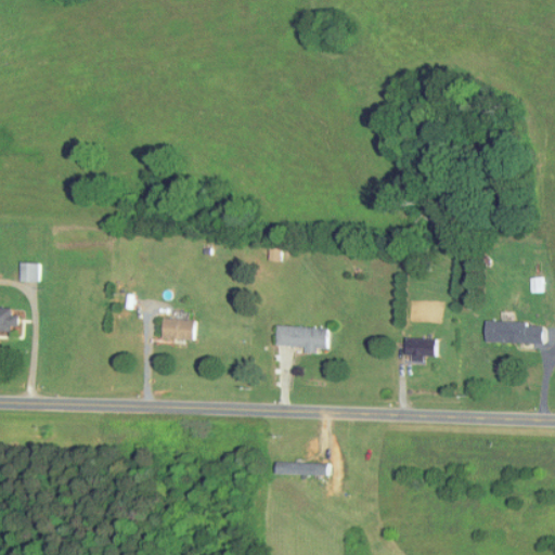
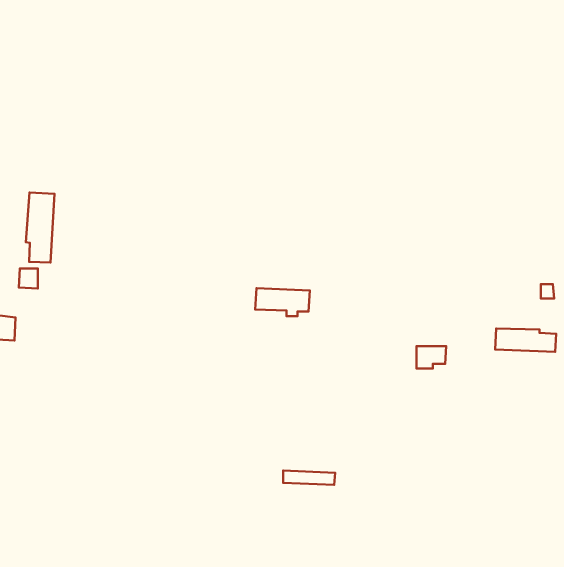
building: none -> [26,193,54,263]
building: [162,319,194,339] -> none
building: [274,325,327,352] -> [255,288,310,316]

